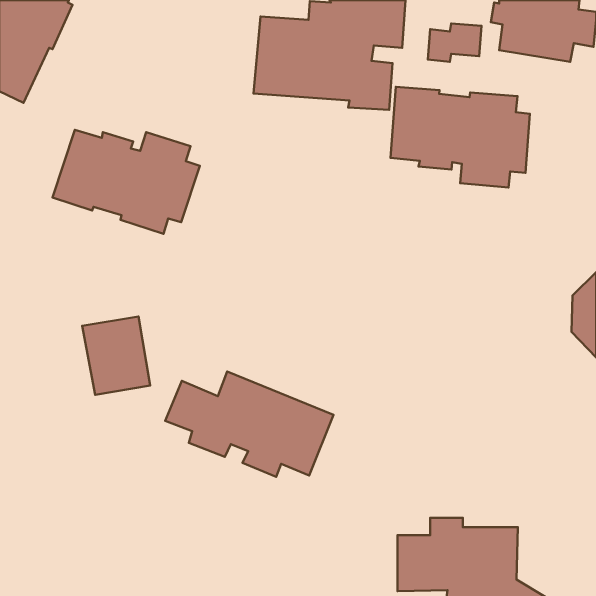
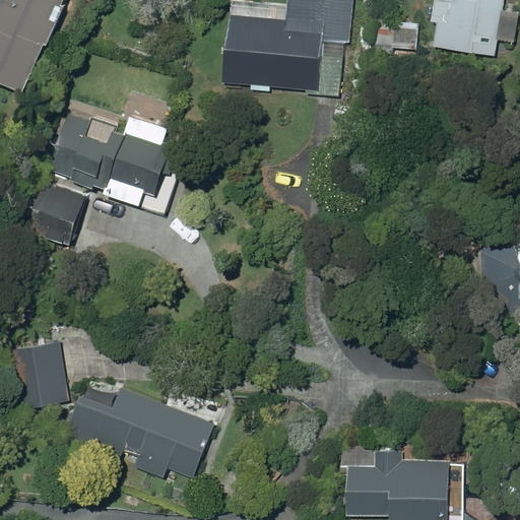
building: [391,87,530,187] -> none
building: none -> [30,184,86,244]
building: [82,316,150,395] -> [11,341,70,409]
building: [165,372,334,477] -> [66,386,212,477]

